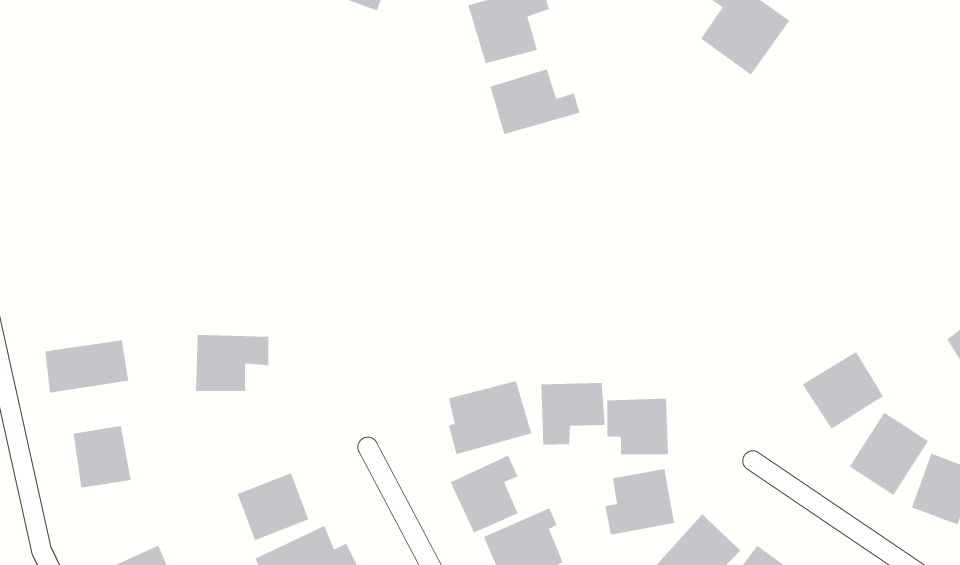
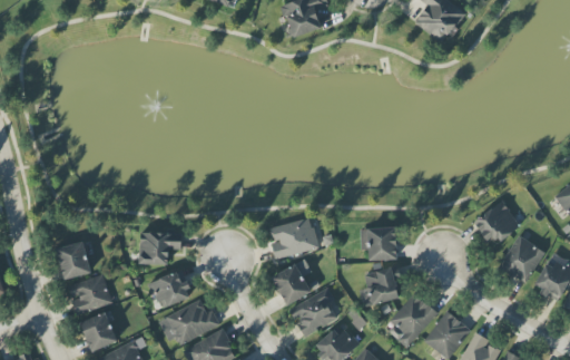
building: [490,69,580,135] -> none
building: [195,335,269,391] -> [139,232,181,264]
building: [45,340,129,393] -> none
building: [541,382,605,445] -> none
building: none -> [68,274,112,314]

